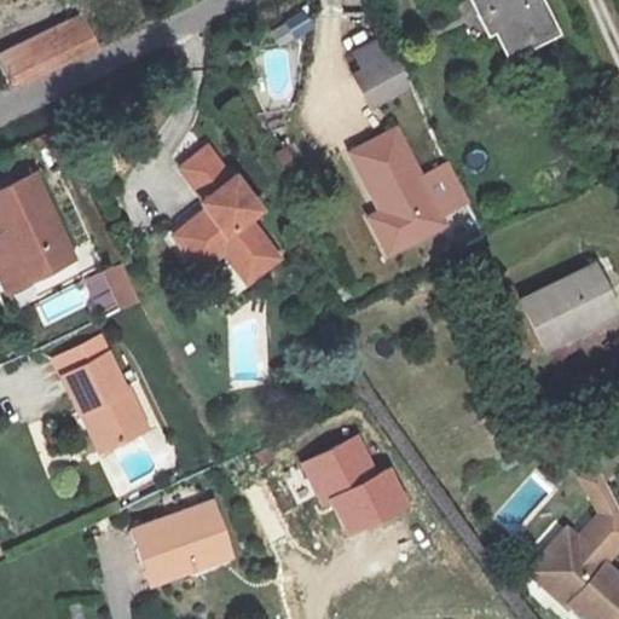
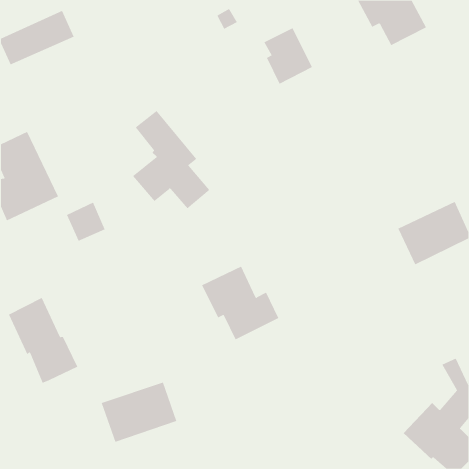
building: [348,127,467,255] -> none
building: [57,335,149,449] -> [8,297,78,383]
building: [307,438,410,536] -> [201,266,279,340]

